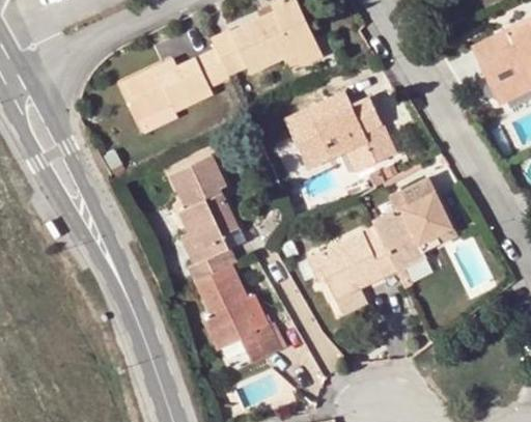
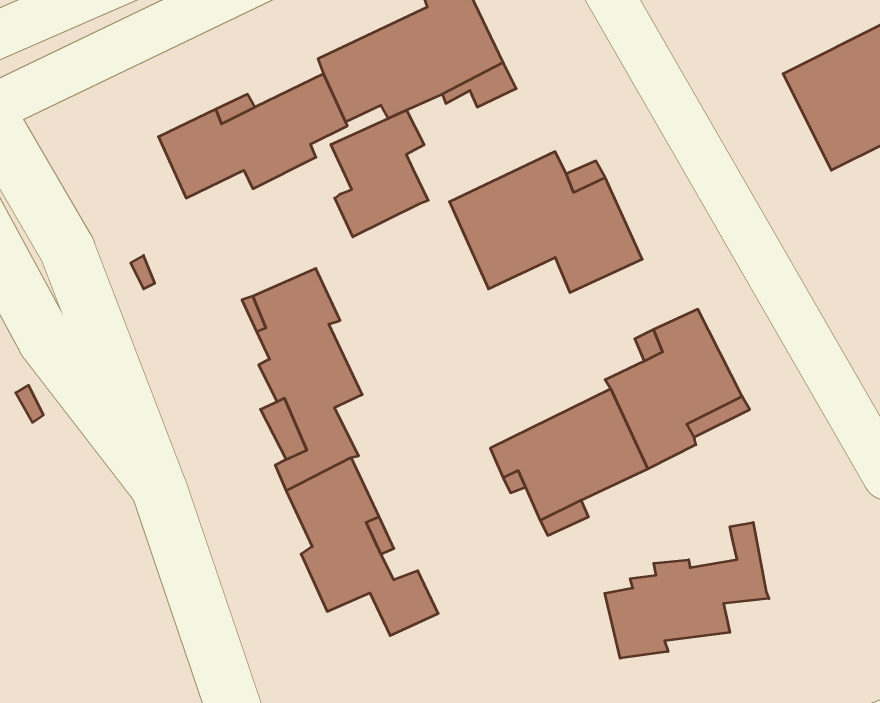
building: none -> [331,110,428,237]
building: none -> [605,522,769,658]

